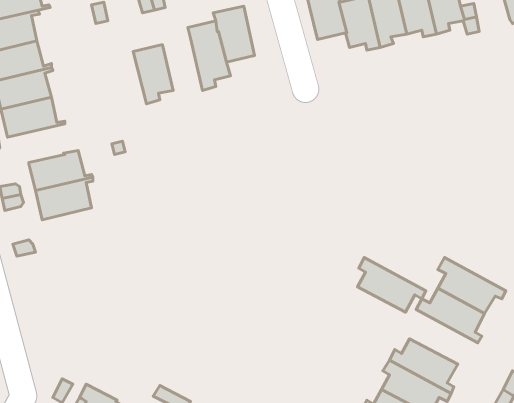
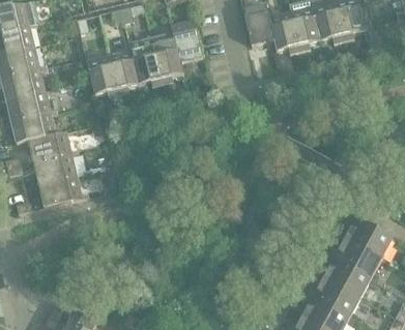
building: none -> [127,36,162,87]
building: none -> [86,55,118,97]
building: none -> [10,111,56,144]
building: none -> [37,176,87,207]
building: [358,257,426,312] -> [322,254,375,297]

